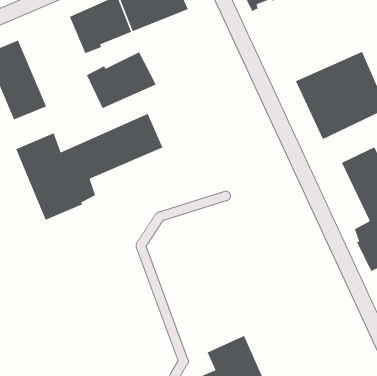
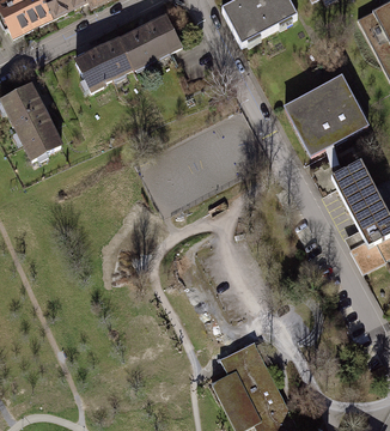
building: [86,51,157,109] -> none
building: [15,113,163,221] -> none

